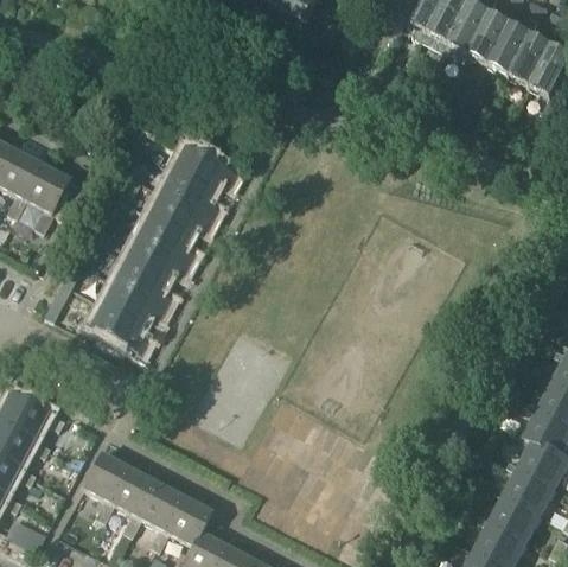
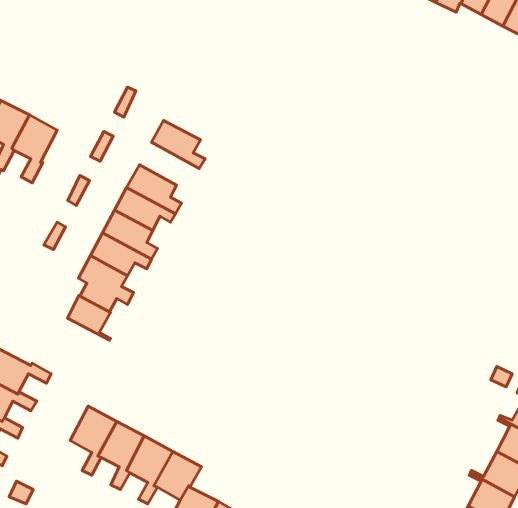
building: [174,144,234,185] -> none
building: [151,187,210,230] -> none
building: none -> [68,296,110,340]

